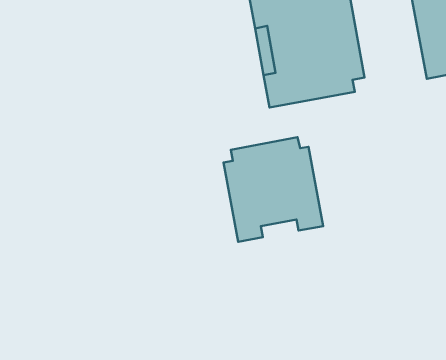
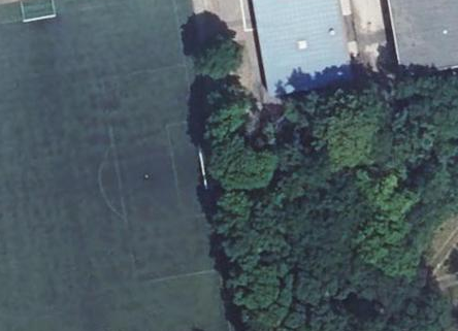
building: [224,137,323,242] -> none

